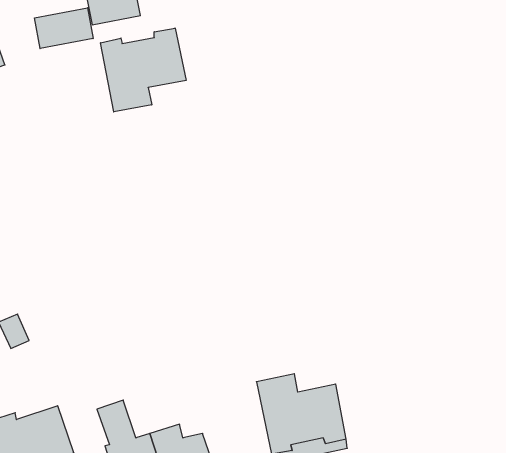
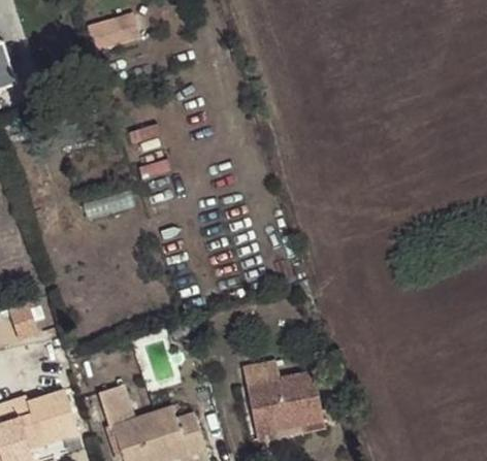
building: [35,8,93,49] -> none
building: [101,28,186,112] -> none

